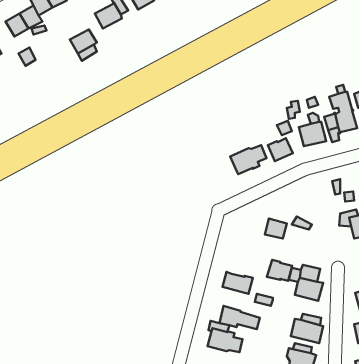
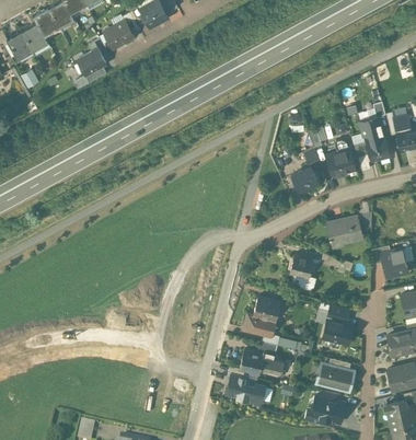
building: [230,145,267,174] -> none
building: none -> [327,217,362,245]
building: [267,260,292,281] -> [253,297,280,320]

